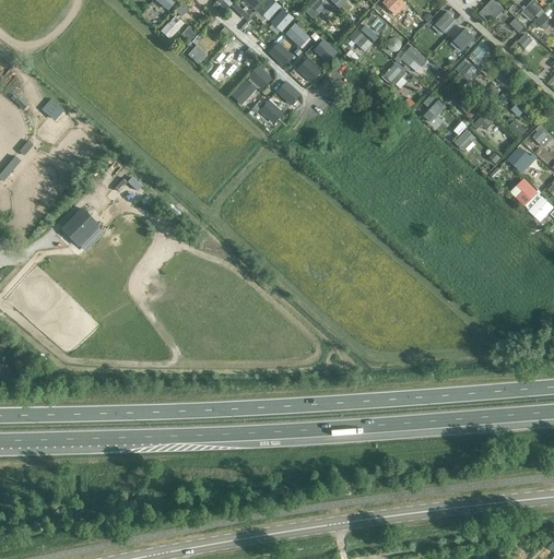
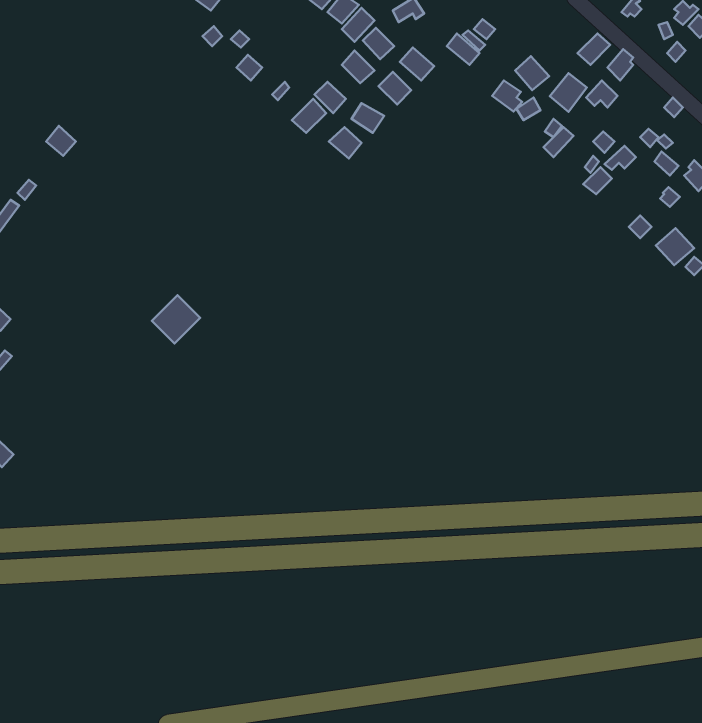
building: [428,7,457,36] -> [550,73,587,112]
building: [60,209,97,246] -> [152,295,200,344]

